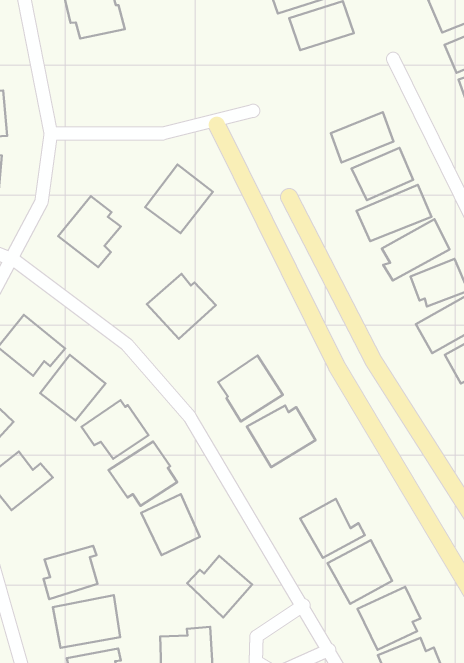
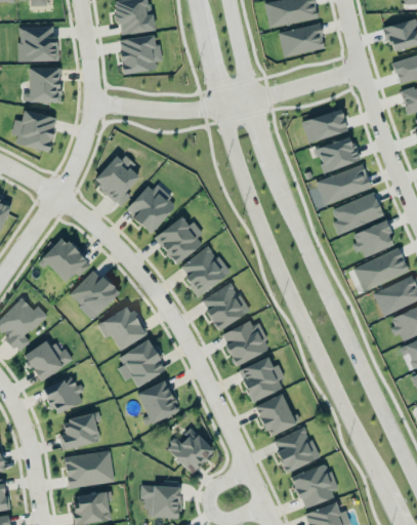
building: none -> [120,36,163,74]
building: [145,164,213,233] -> [127,181,178,233]
building: none -> [179,245,231,295]
building: none -> [239,357,285,402]
building: none -> [44,375,83,414]

